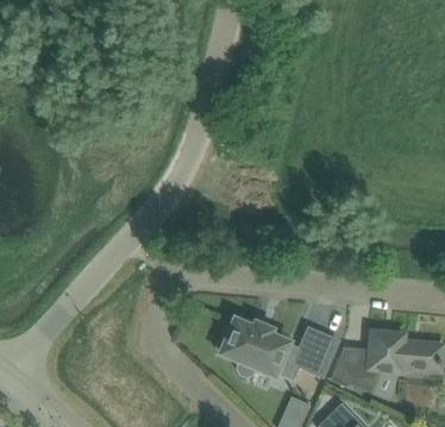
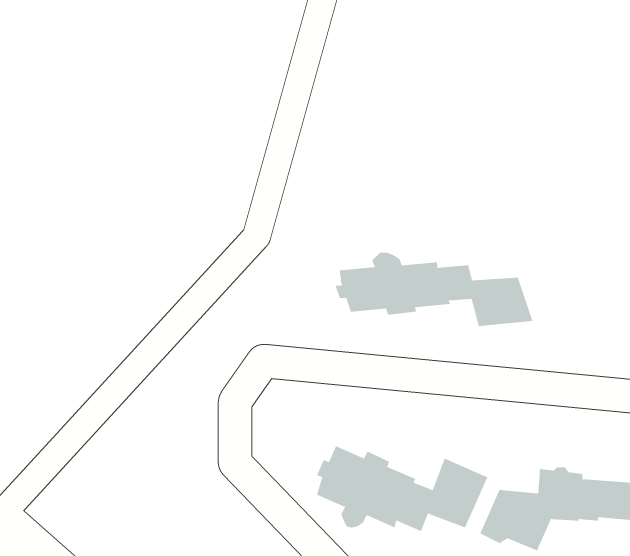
building: none -> [335,252,533,327]

